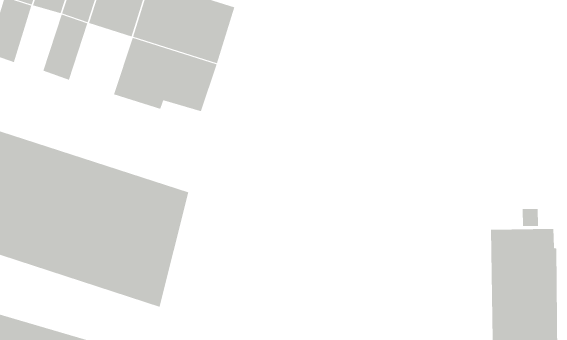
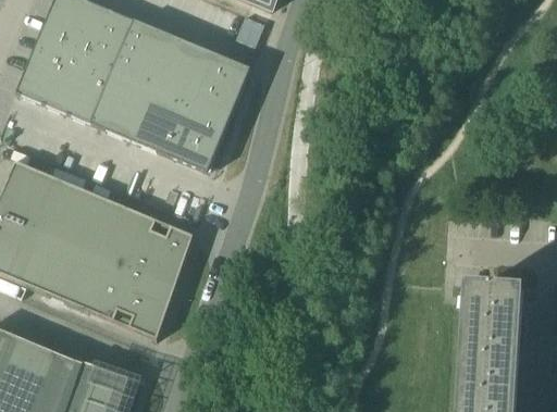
building: none -> [42,51,89,112]
building: none -> [92,72,152,139]

